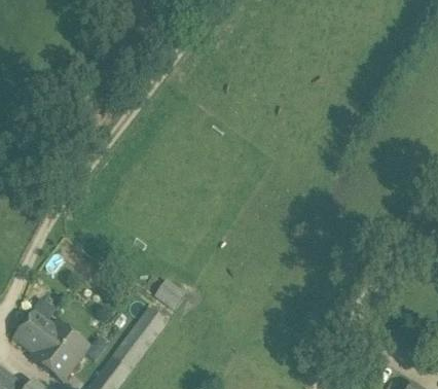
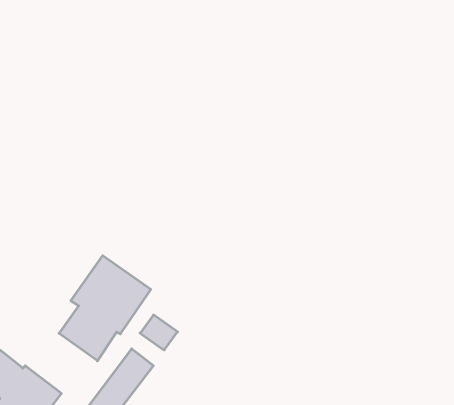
building: none -> [59,256,151,361]

